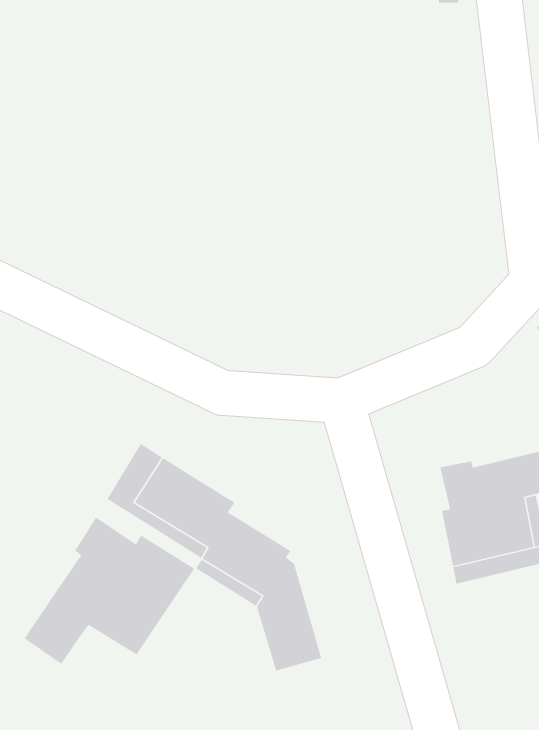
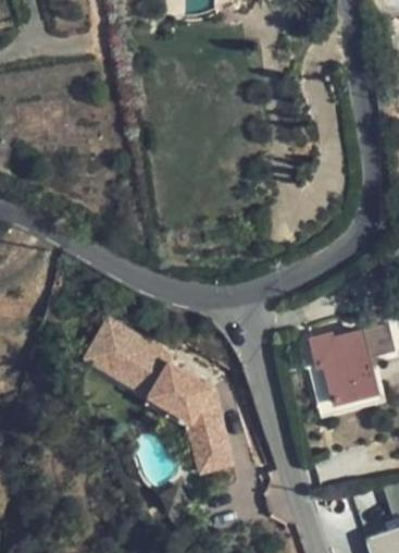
building: [23,516,195,665] -> none

